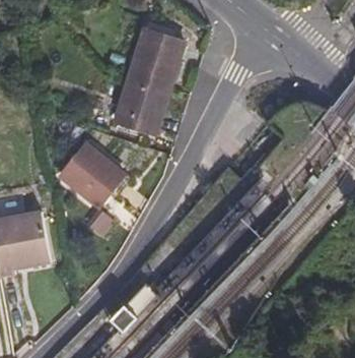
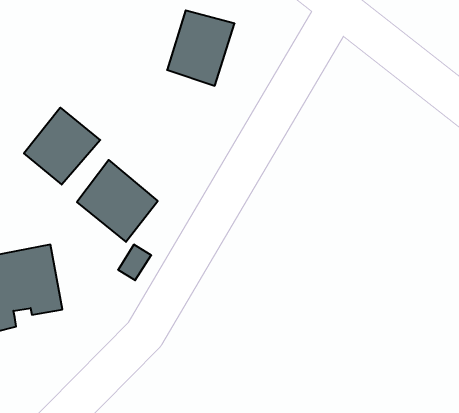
building: [116,75,166,132] -> none
building: none -> [24,108,100,185]

